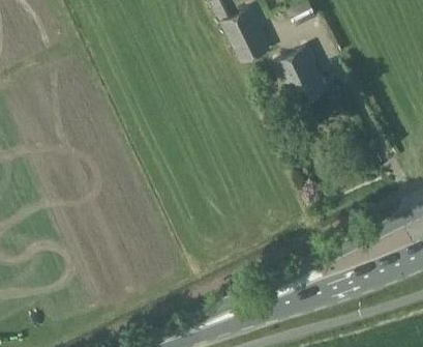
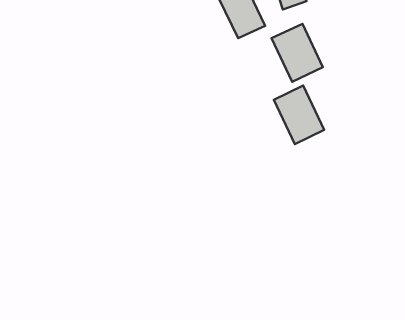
building: none -> [274,86,324,144]

